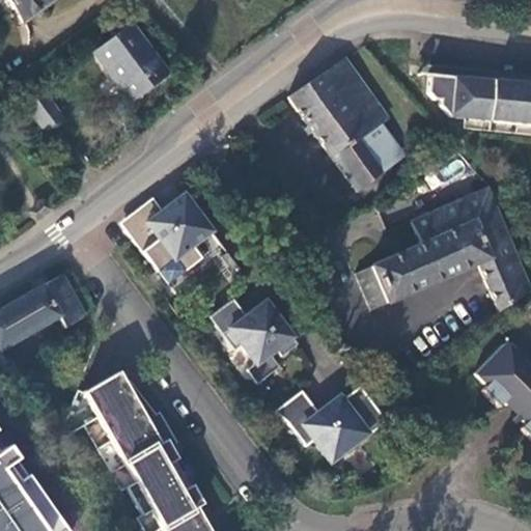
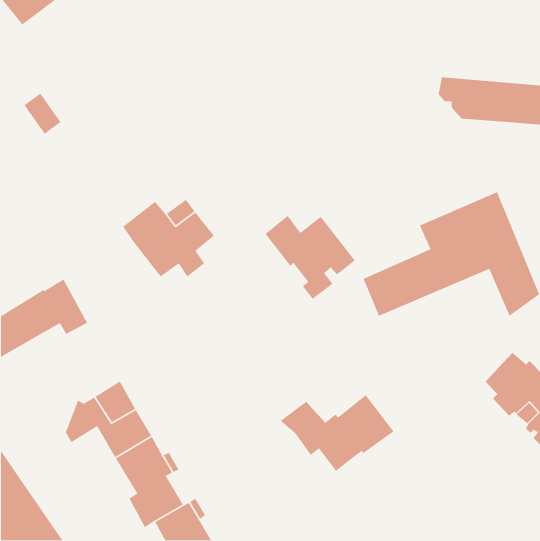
building: [94,22,171,102] -> none
building: [290,57,403,190] -> none
building: [213,301,302,384] -> [265,215,356,300]

